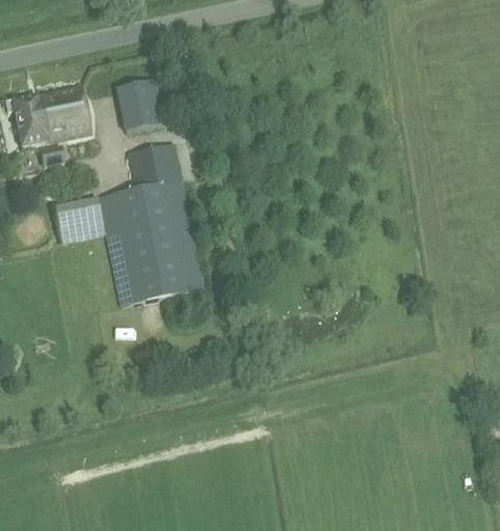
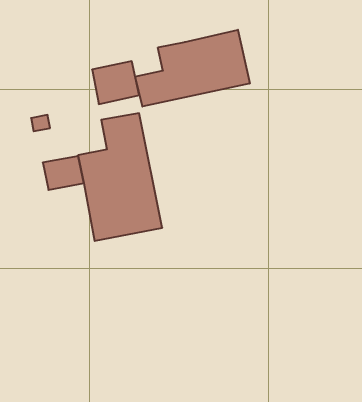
building: none -> [135,30,250,107]
building: [12,86,90,146] -> none

